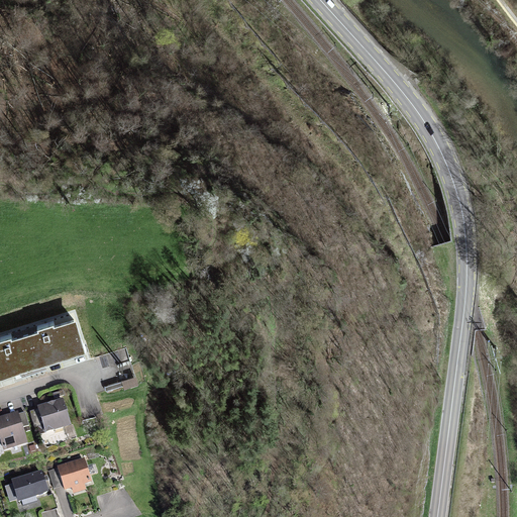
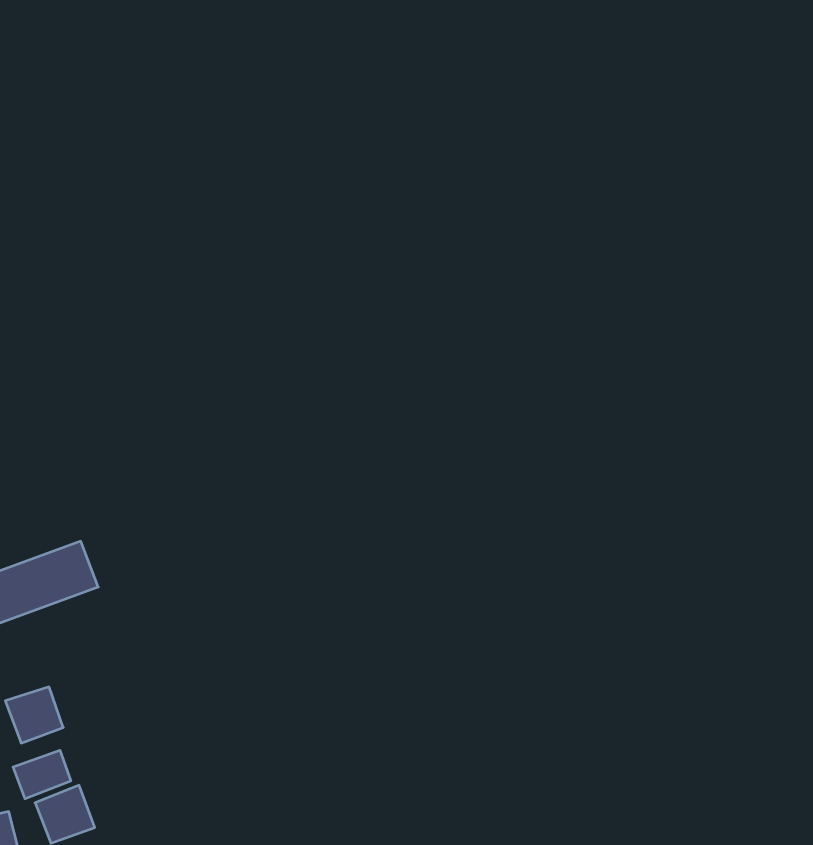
building: none -> [13,750,71,799]

